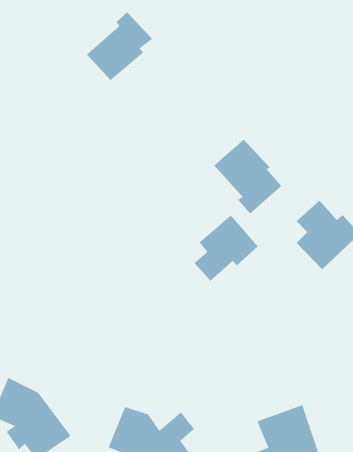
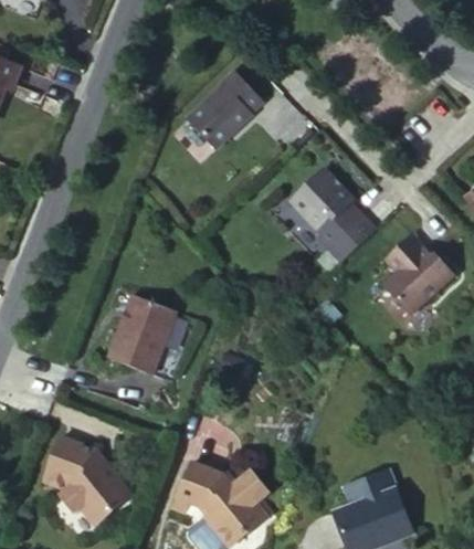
building: [86,11,153,81] -> [192,66,267,145]
building: [193,215,259,282] -> none
building: none -> [107,292,177,374]

